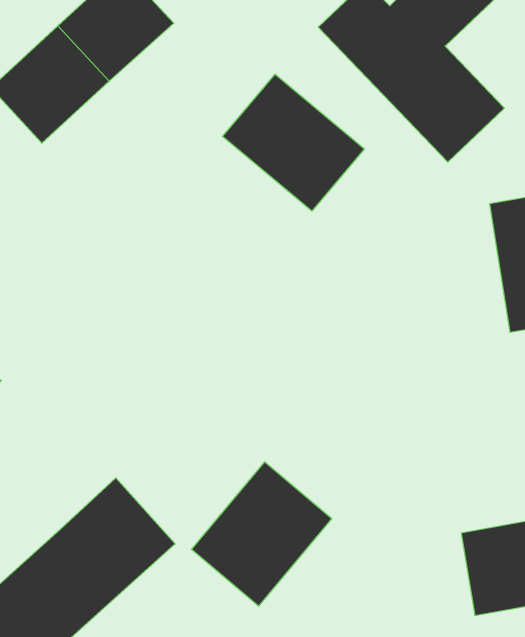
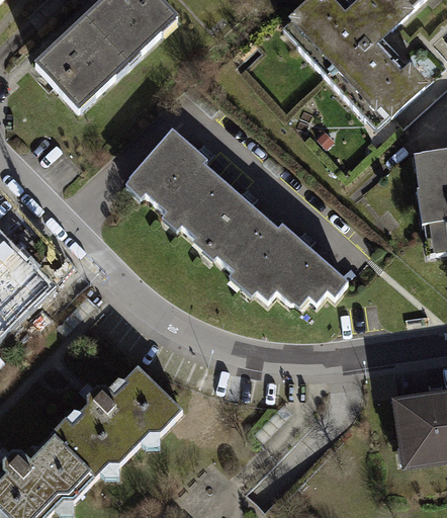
building: [223,74,364,211] -> none
building: none -> [125,132,351,307]
building: [191,462,332,606] -> none

